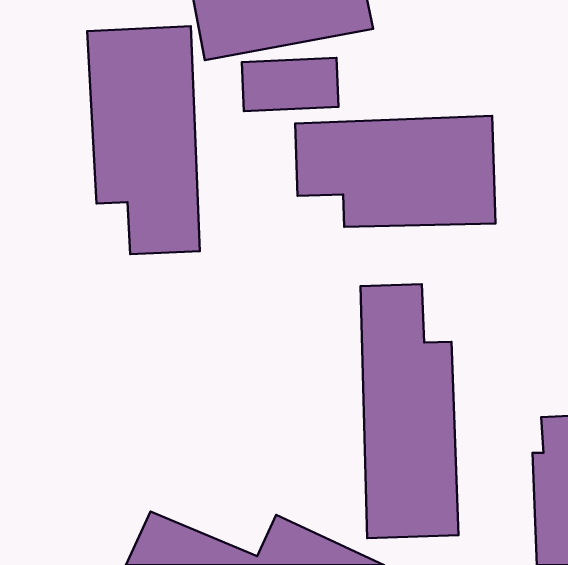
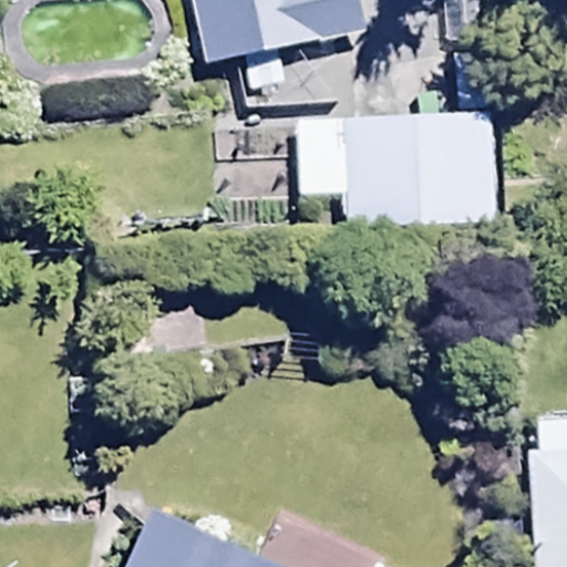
building: [87,26,200,254] -> none
building: [361,284,459,538] -> none

